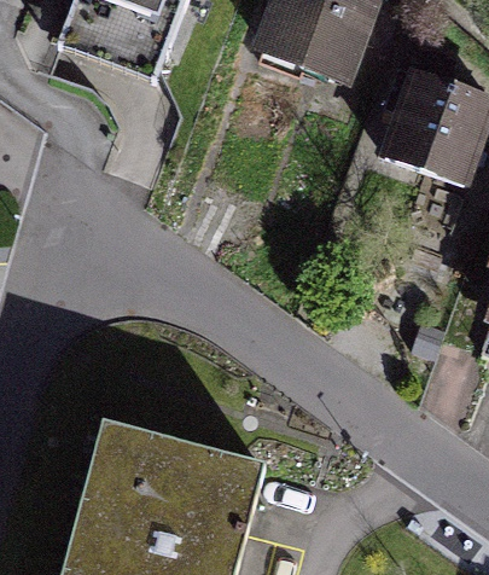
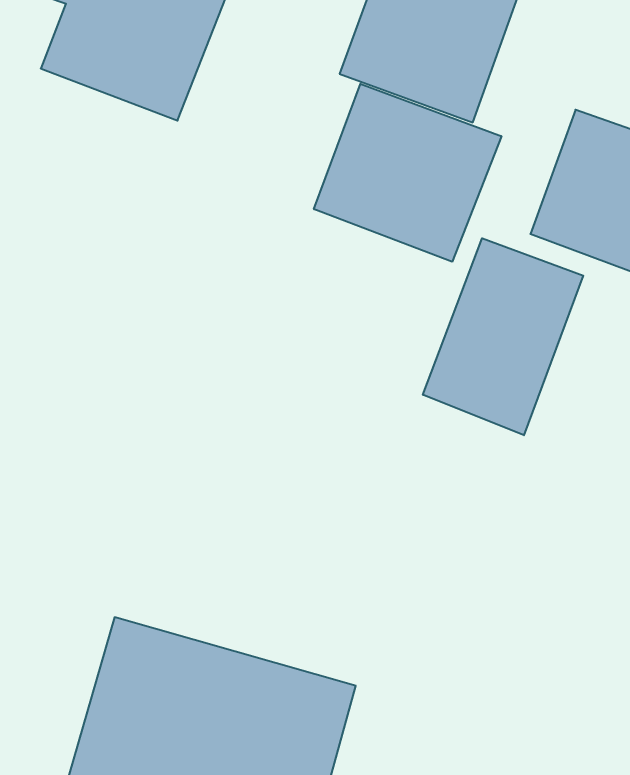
building: none -> [314,84,501,262]
building: none -> [423,238,583,435]

